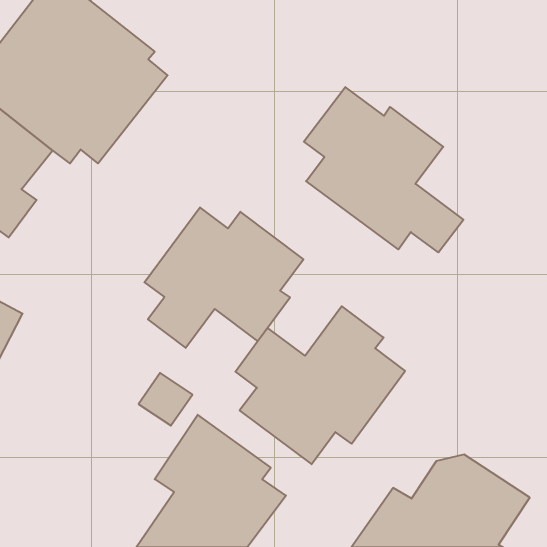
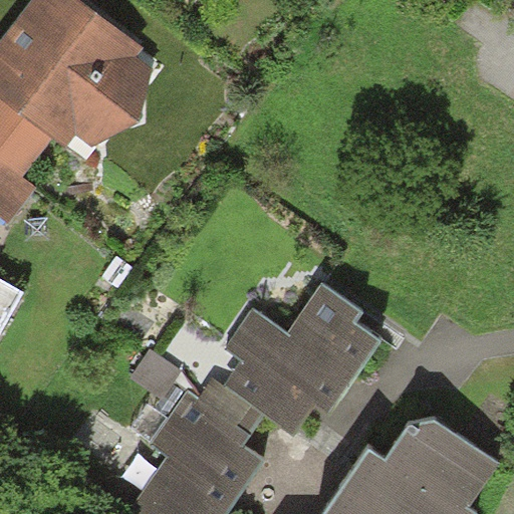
building: [304,87,463,252] -> none
building: [144,207,303,348] -> none

